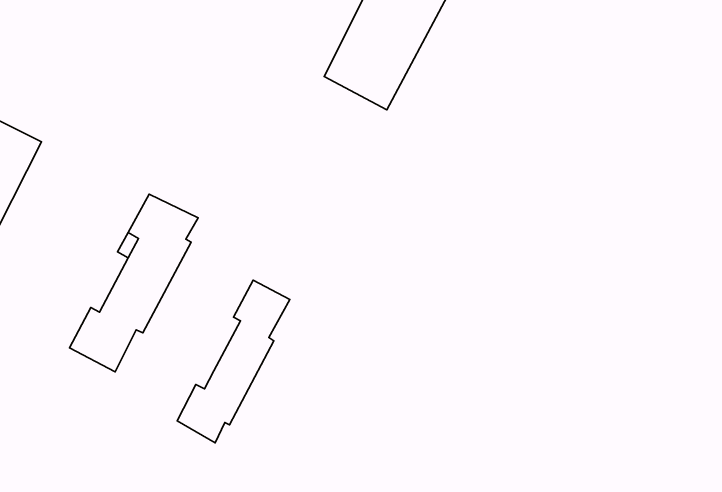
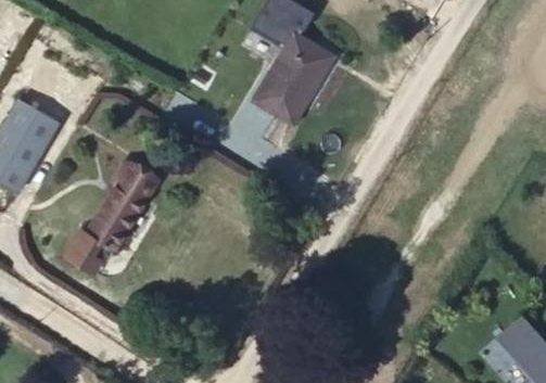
building: [177,280,290,443] -> none

